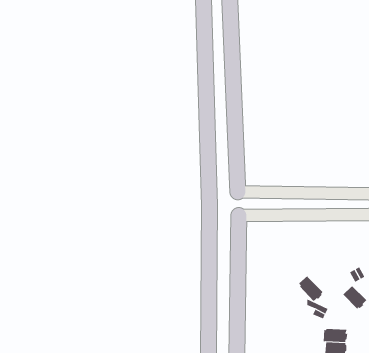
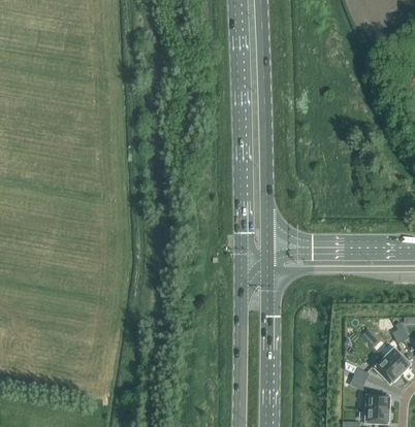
building: [298,275,324,302] -> [372,356,400,385]

